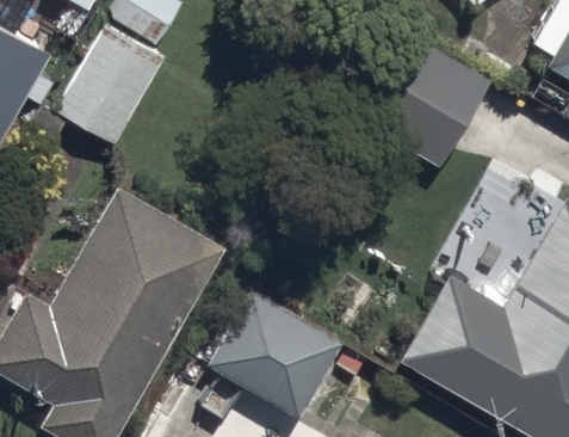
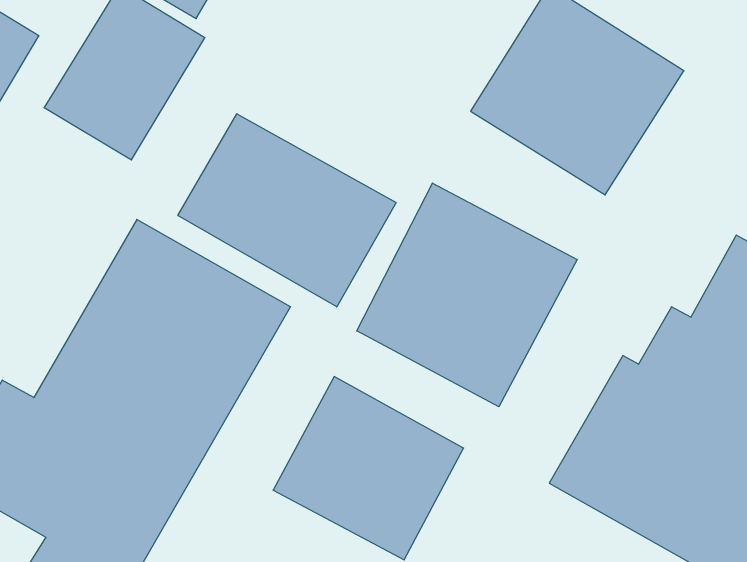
building: none -> [178,114,396,307]
building: none -> [357,183,577,407]

